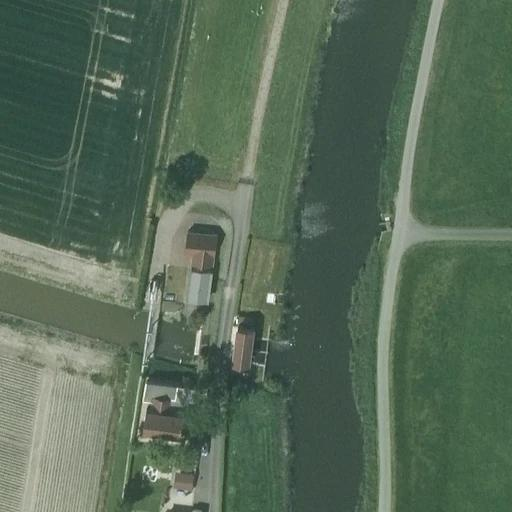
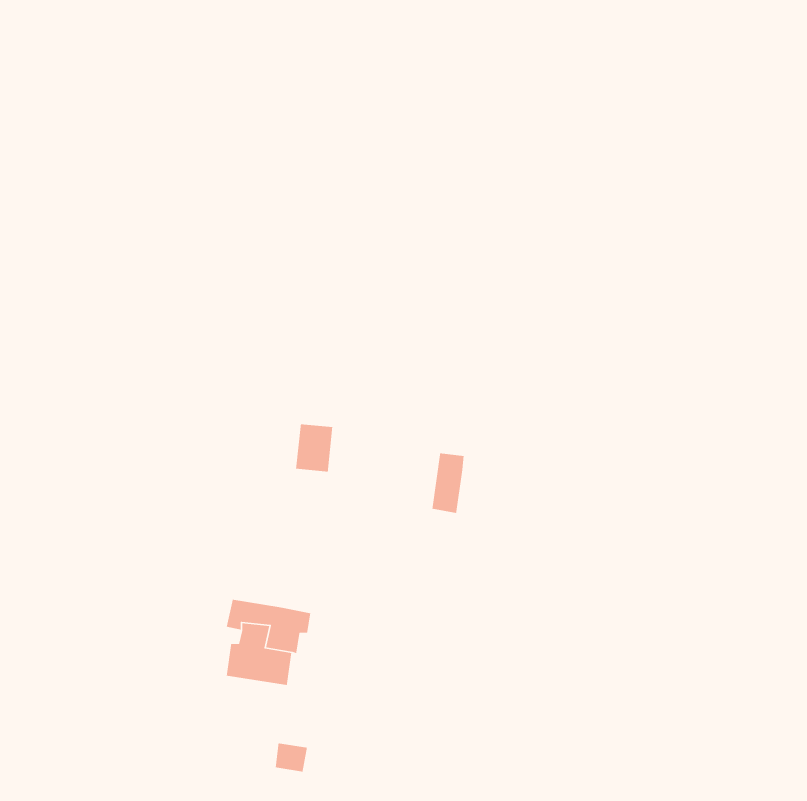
building: [185,235,218,269] -> none
building: [233,328,254,367] -> [431,452,465,514]

